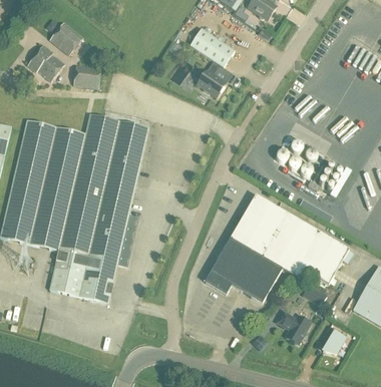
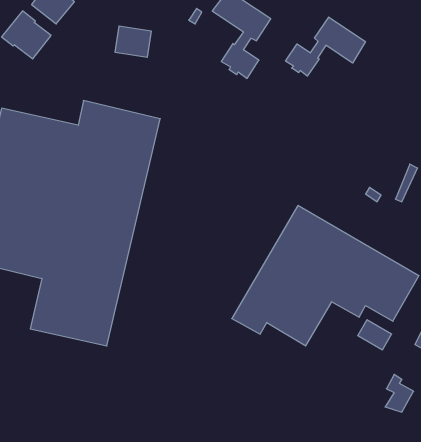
building: none -> [285,17,365,76]
building: [73,64,101,88] -> [115,26,151,57]
building: [277,311,311,344] -> none

